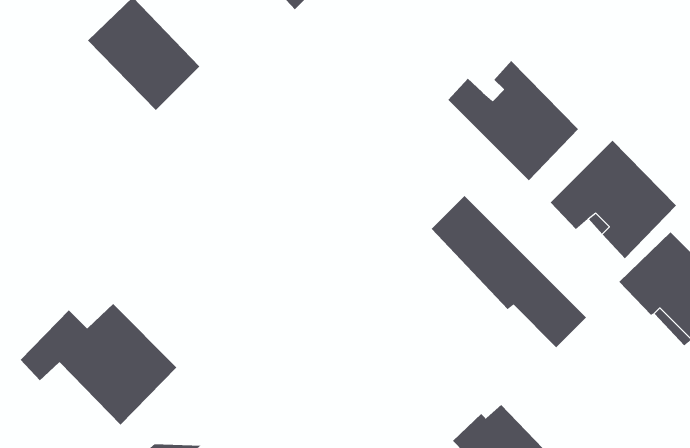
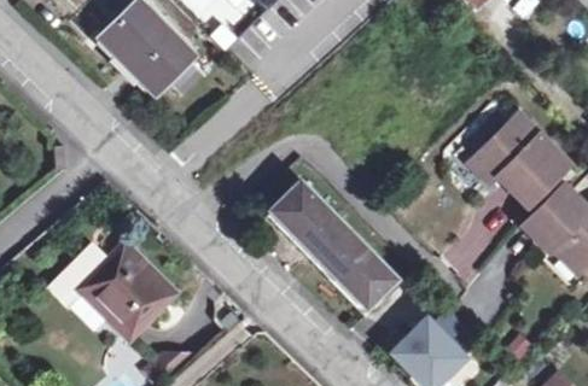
building: [448,60,579,181] -> none
building: [431,195,587,348] -> [273,182,396,303]

